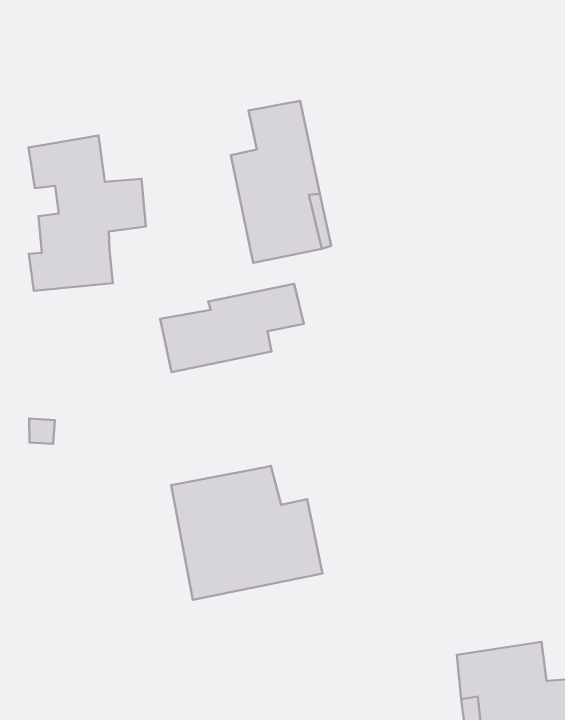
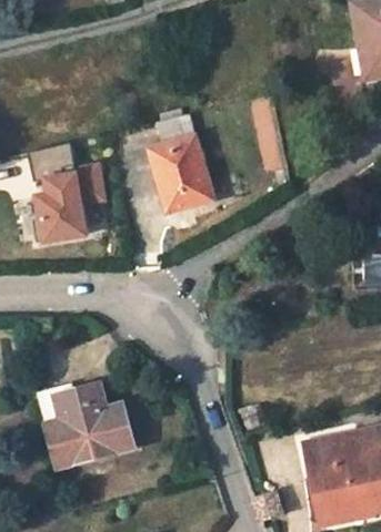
building: [160,284,304,372] -> none
building: [171,466,323,600] -> [38,380,133,464]

